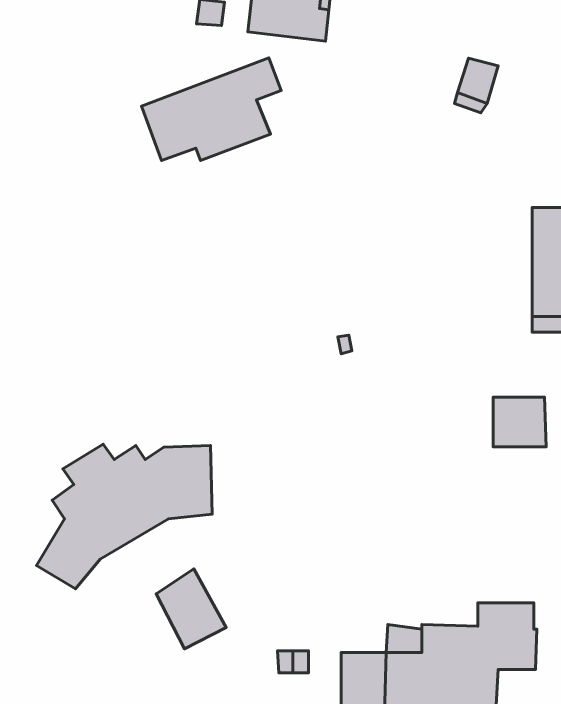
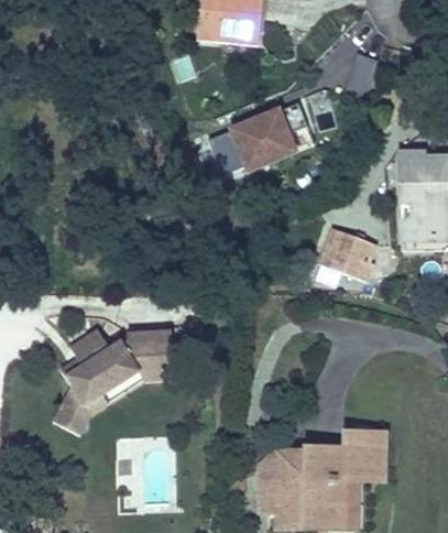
building: [141,58,281,161] -> [205,99,304,172]
building: [493,397,546,447] -> [339,246,376,281]
building: [156,569,226,649] -> none

